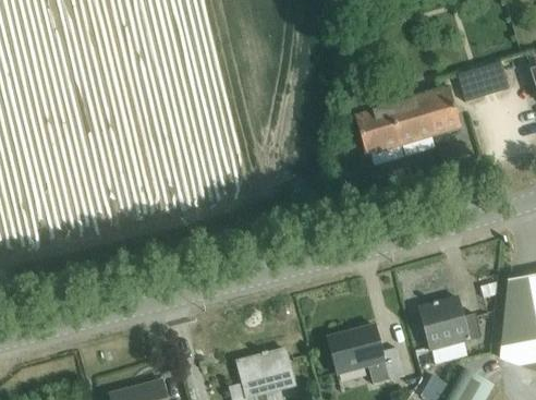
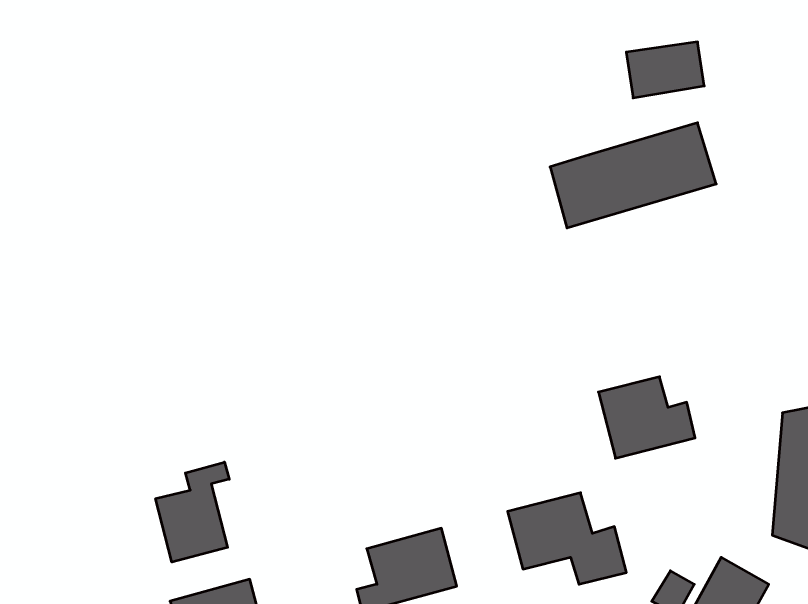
building: [462,61,512,97] -> [626,42,704,98]
building: [418,298,480,350] -> [598,377,695,458]
building: none -> [156,462,229,562]

